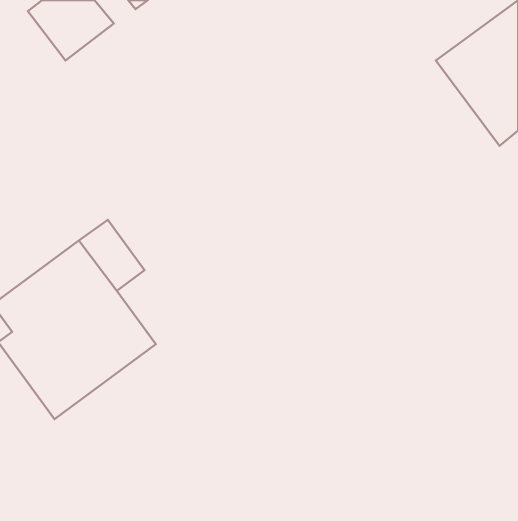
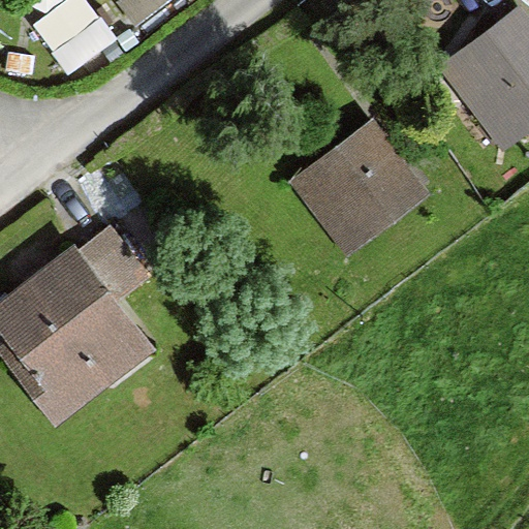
building: none -> [288,116,431,256]

